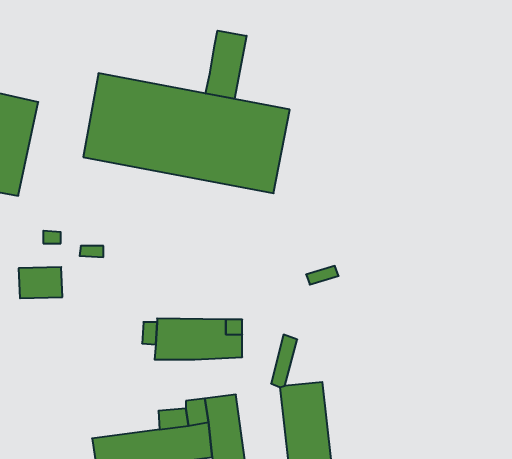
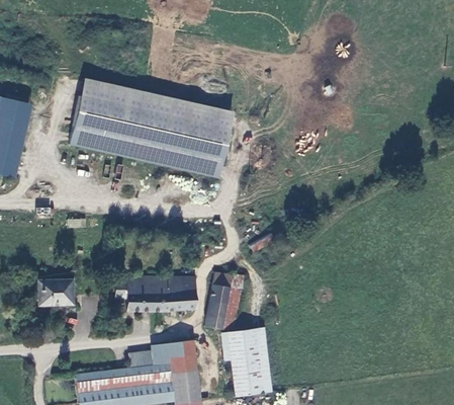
building: [206,31,247,99] -> none
building: [19,267,62,298] -> [38,278,74,304]
building: none -> [205,284,232,330]

